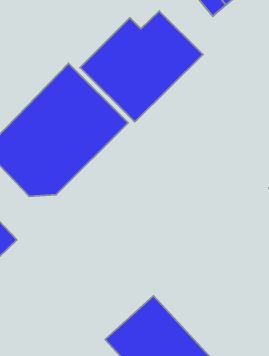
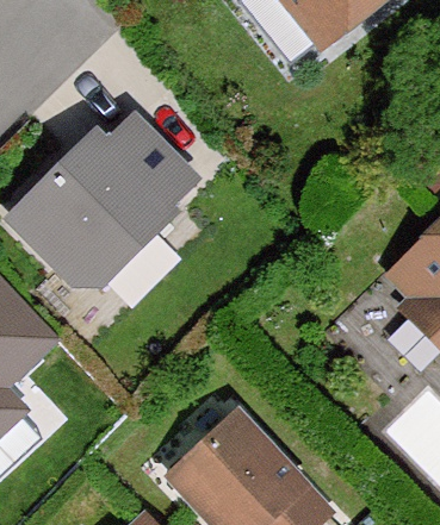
building: [80,11,203,122] -> none

